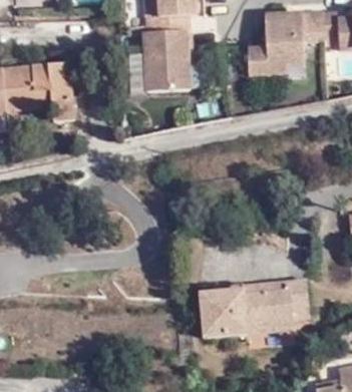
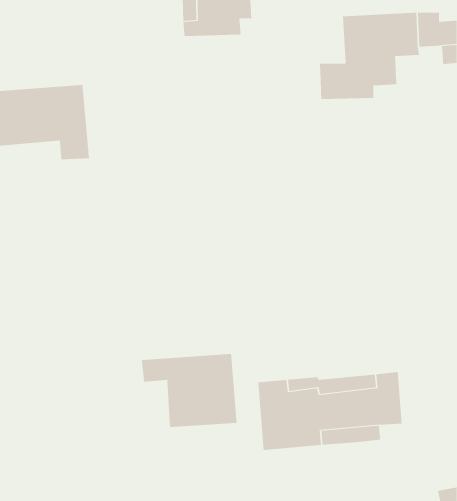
building: [145,27,190,87] -> none
building: none -> [141,353,237,428]

